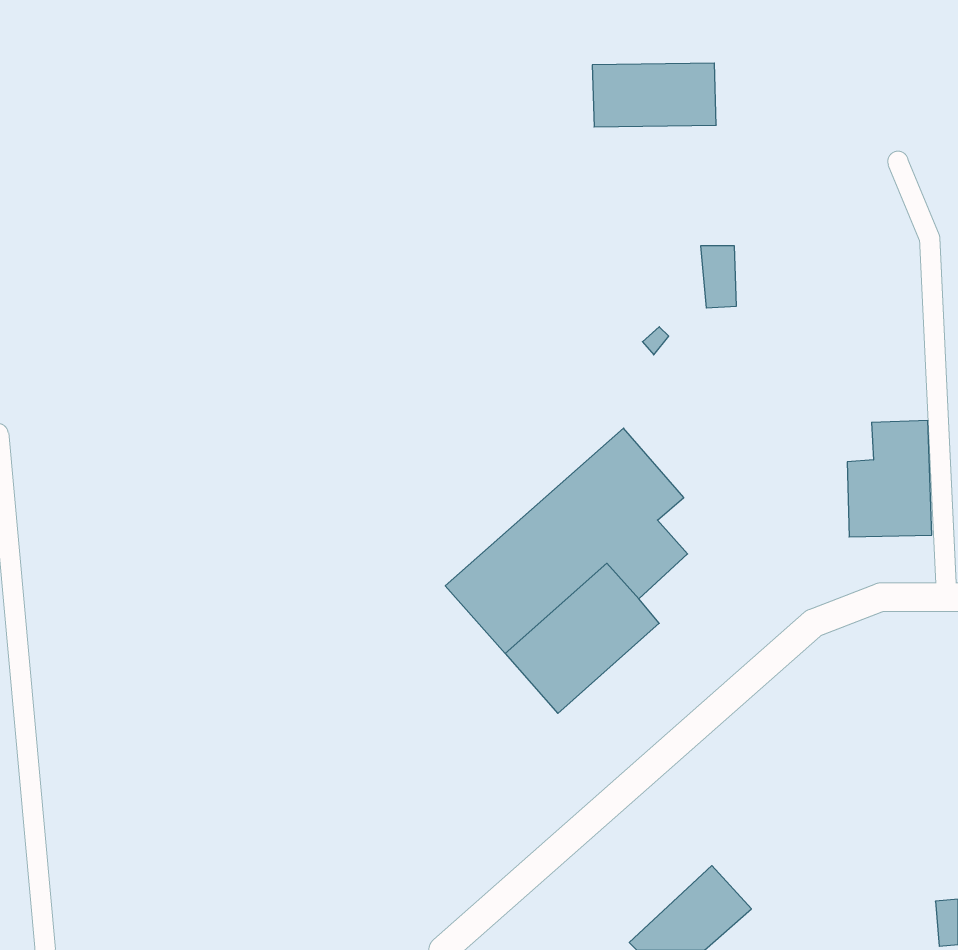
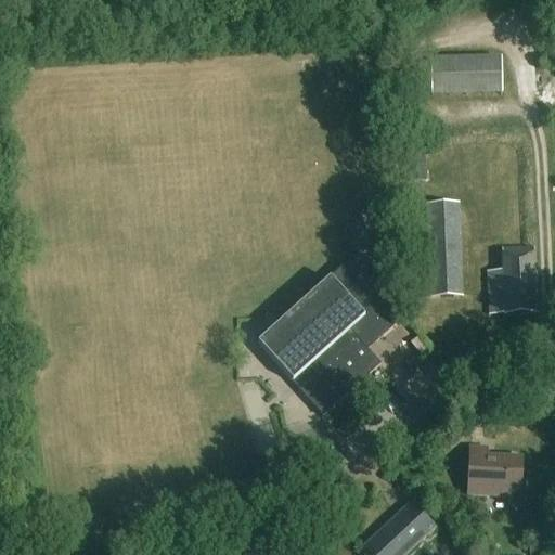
building: [592,63,716,127] -> [429,55,501,92]
building: none -> [426,199,464,293]
building: none -> [466,444,520,493]

